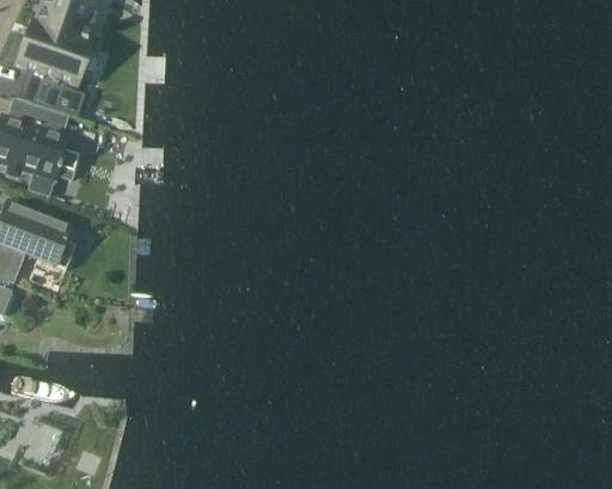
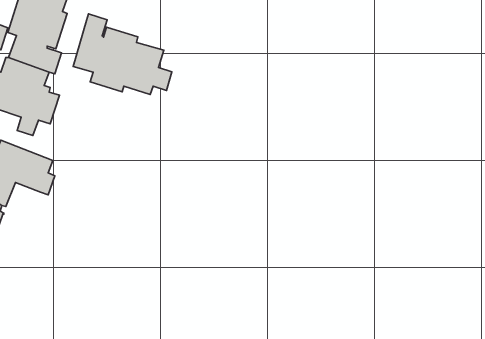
building: none -> [73,14,172,94]

